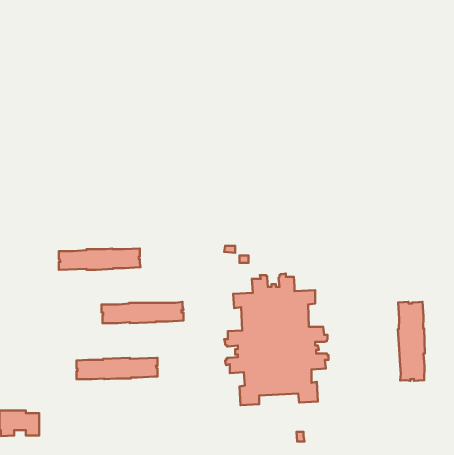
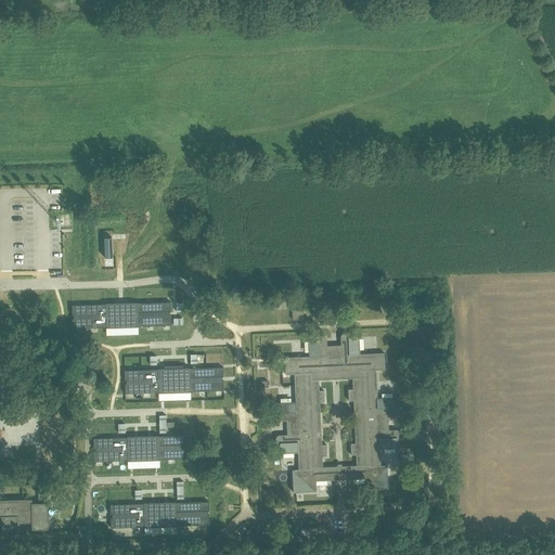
building: [398,302,425,381] -> none
building: none -> [109,502,209,528]

